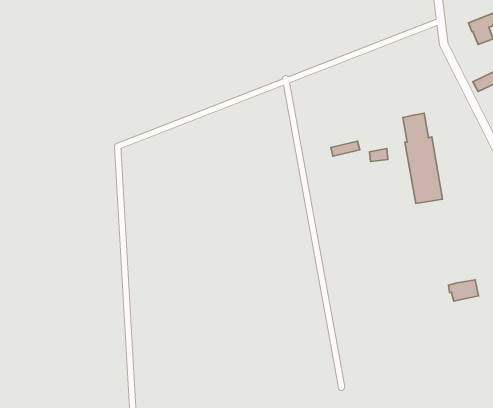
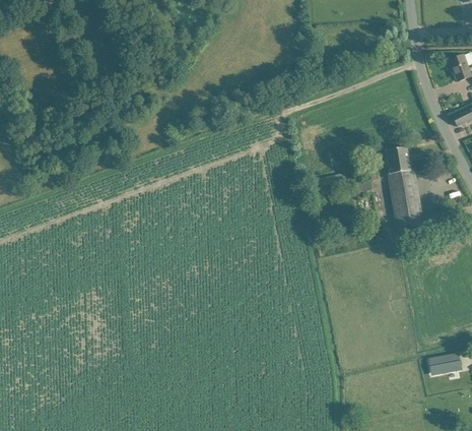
building: [448,280,479,301] -> [432,353,461,373]

